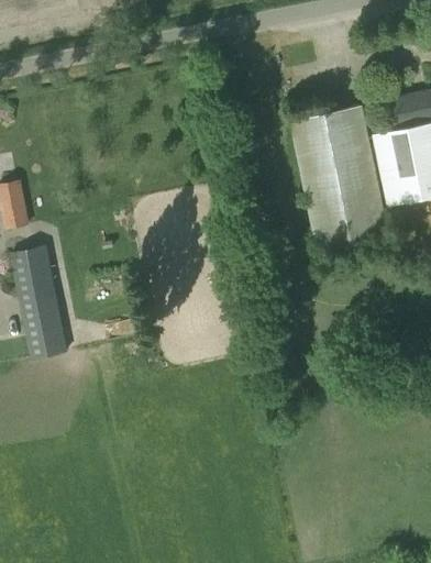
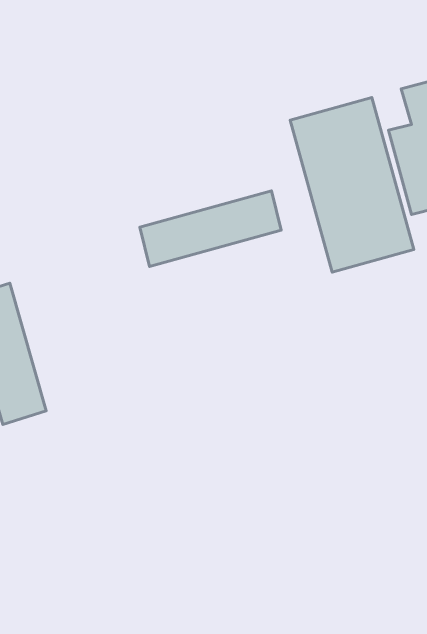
building: none -> [140,191,281,267]

